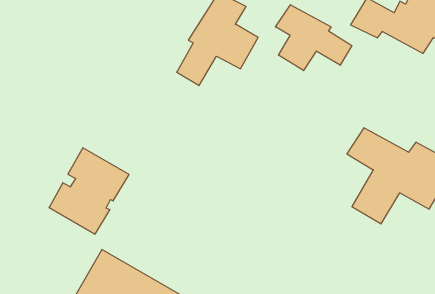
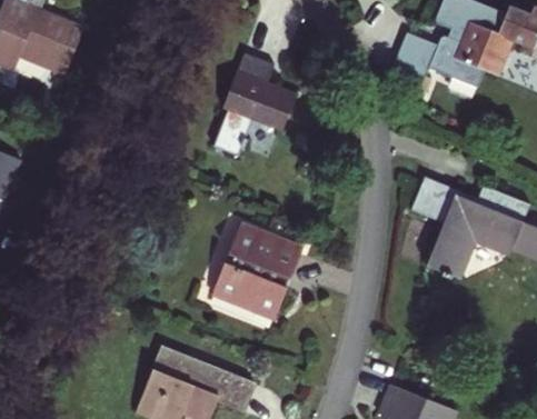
building: [275,5,352,71] -> none
building: [49,148,129,234] -> [220,226,302,318]

